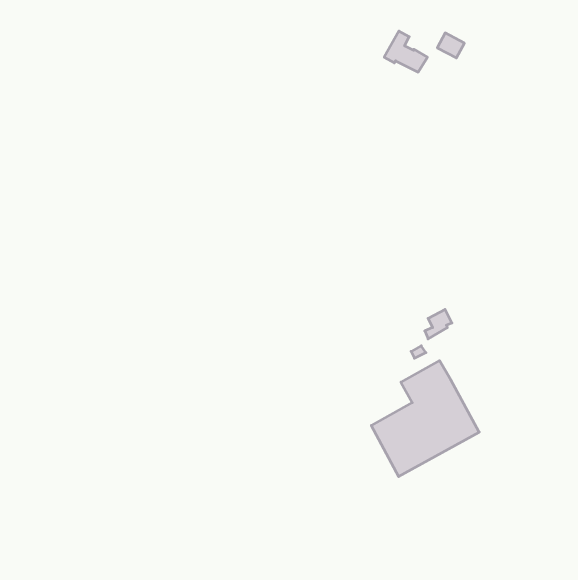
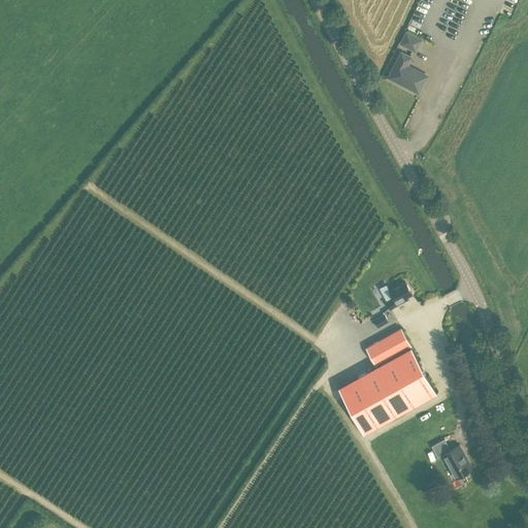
building: [384,31,427,72] -> [387,54,426,91]
building: none -> [430,439,471,478]

